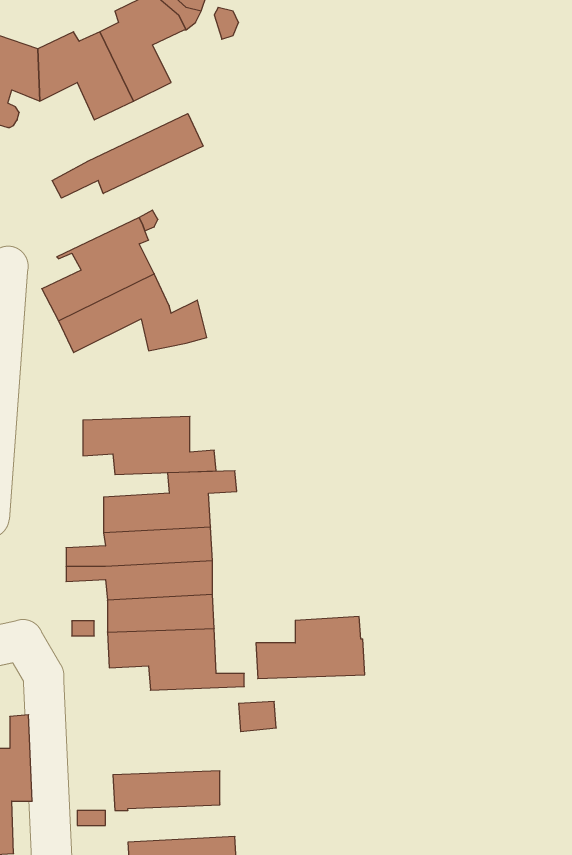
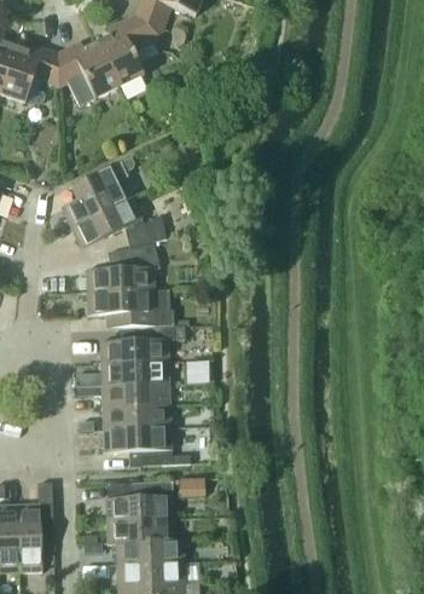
building: [52,114,203,198] -> none
building: none -> [85,242,158,292]
building: [256,617,365,679] -> [104,480,174,520]
building: none -> [115,537,184,564]

